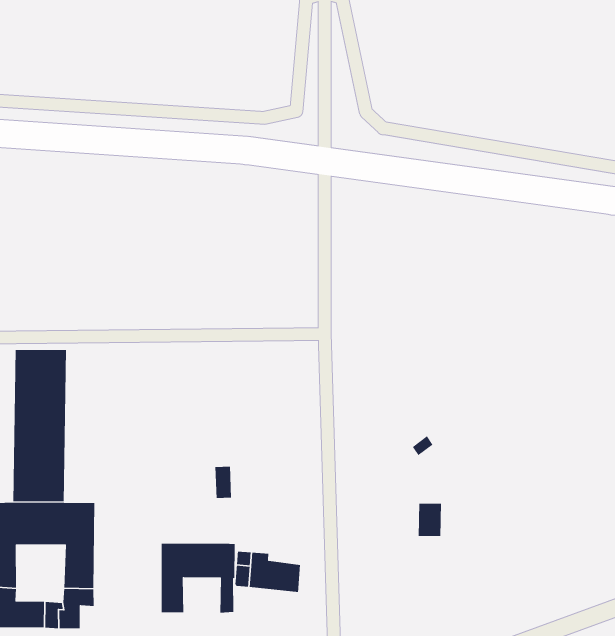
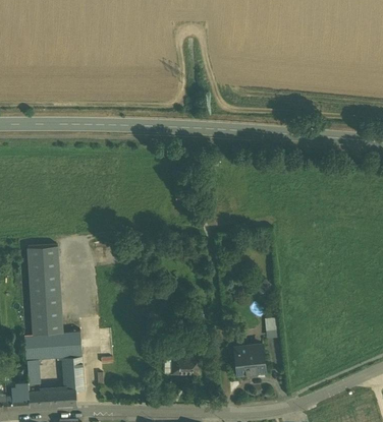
building: [161,543,236,613] -> none
building: none -> [236,348,265,376]

